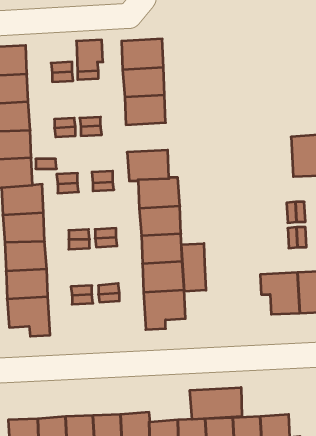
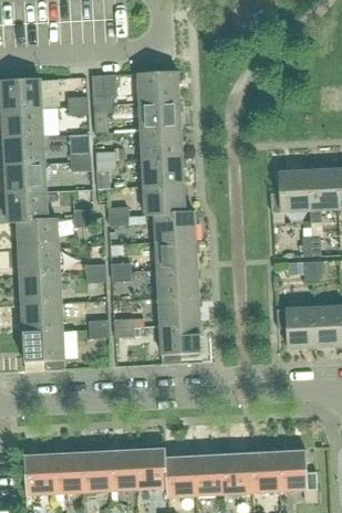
building: none -> [142,156,184,186]
building: none -> [270,170,310,212]
building: [182,243,206,291] -> none
building: [190,387,242,419] -> none

